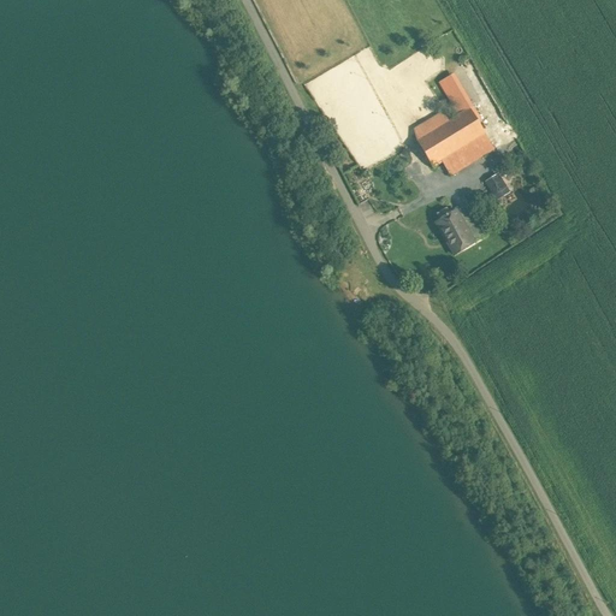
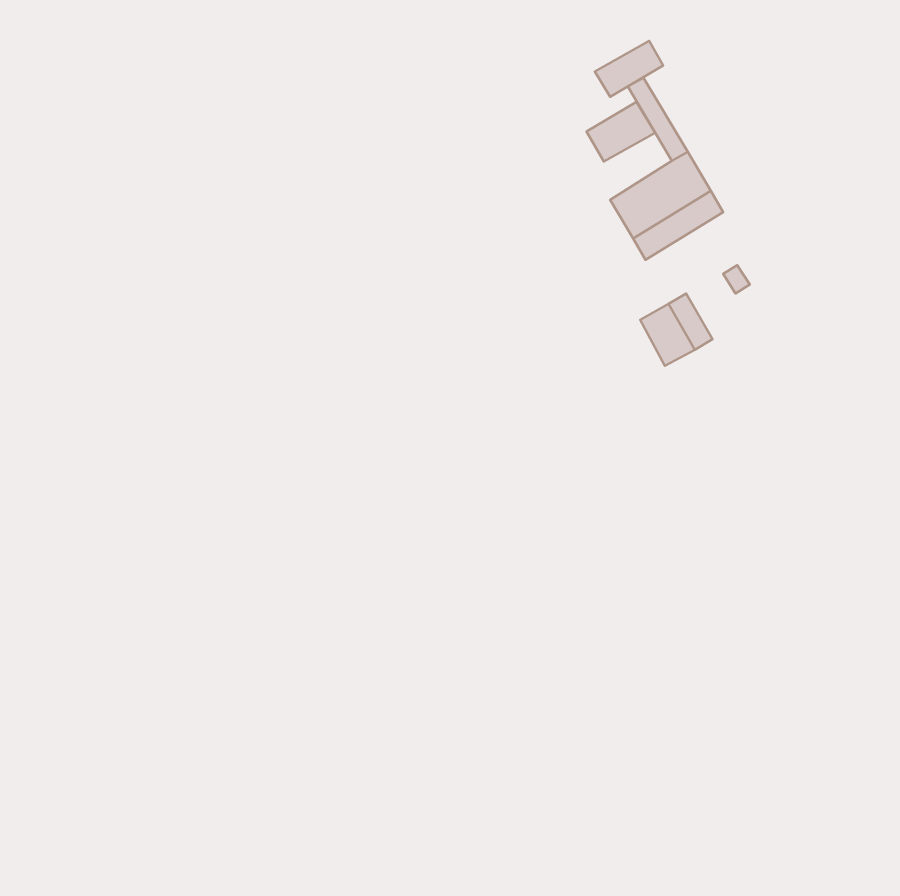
building: none -> [595,41,663,97]
building: none -> [587,102,655,161]

